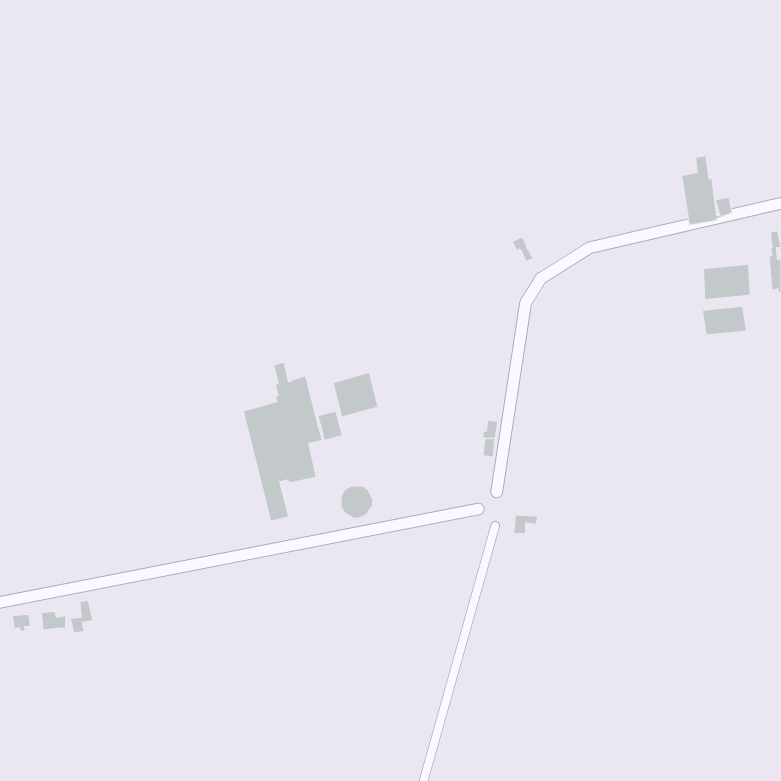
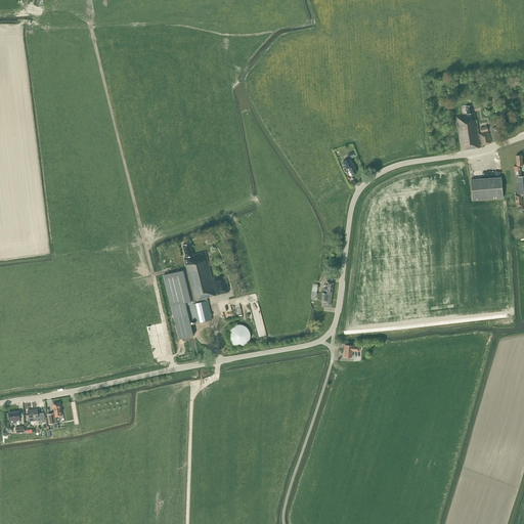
building: [702,306,746,335] -> none
building: [333,372,378,417] -> none

